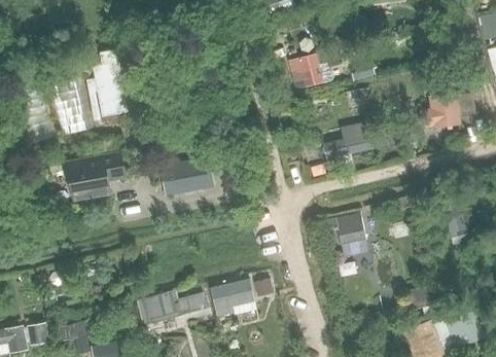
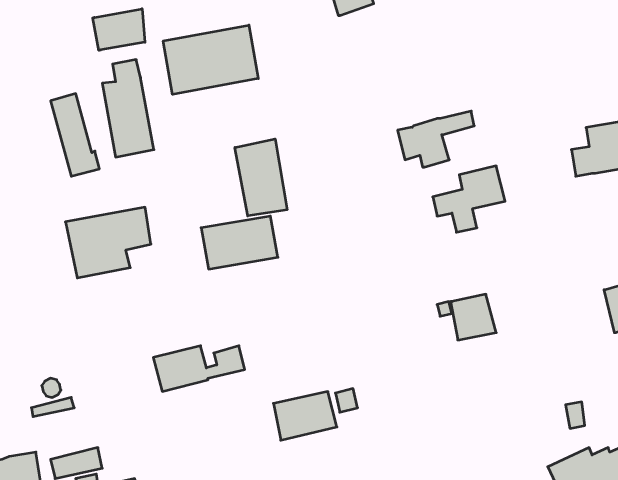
building: none -> [93,9,145,50]
building: none -> [163,25,258,94]
building: [287,47,341,86] -> [398,111,474,167]
building: none -> [235,139,287,216]
building: [142,291,206,323] -> [153,346,245,391]

